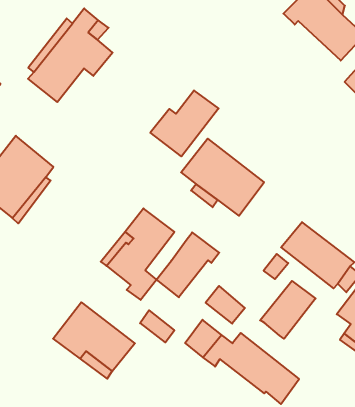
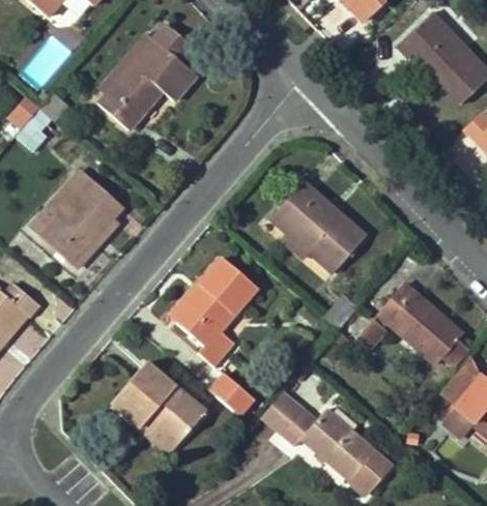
building: [150,90,219,156] -> none
building: [156,232,219,297] -> none
building: [260,281,316,339] -> none
building: [206,286,245,324] -> none

